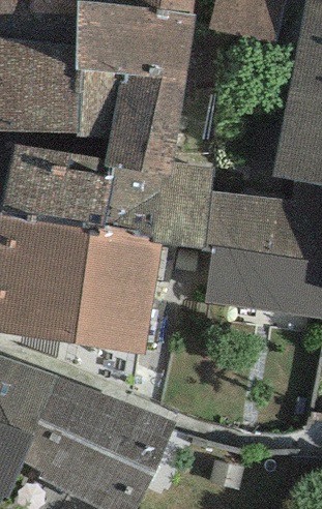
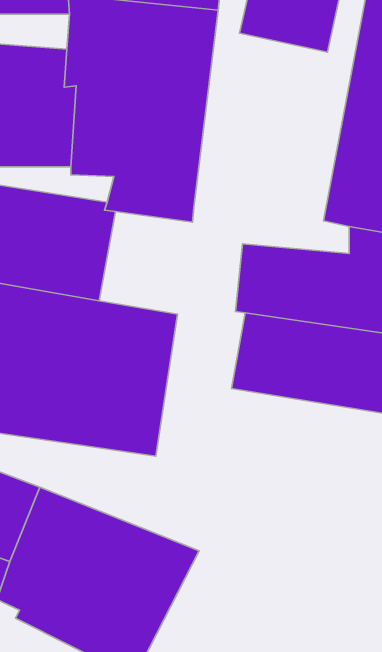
building: [100,161,212,247] -> none

